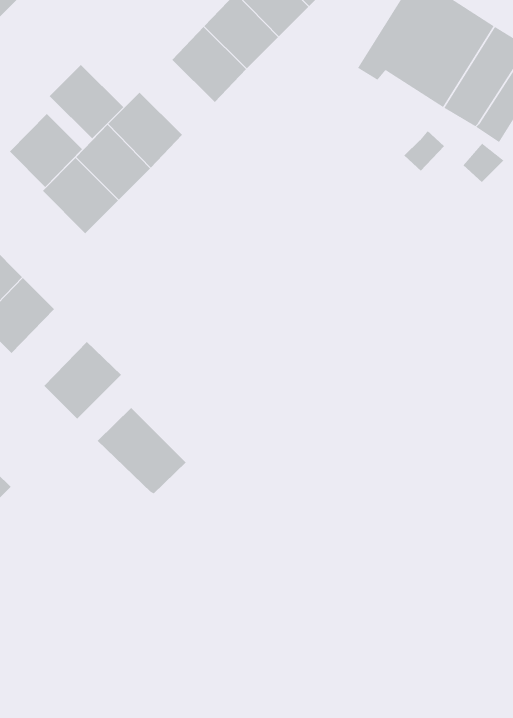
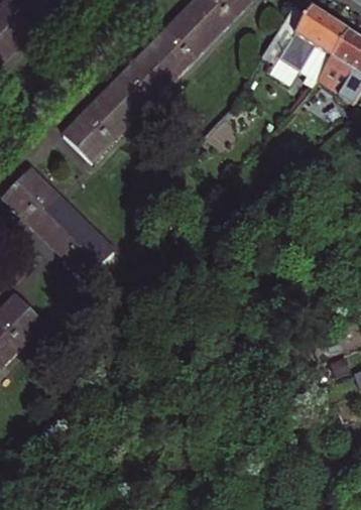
building: [49,64,124,139] -> [125,50,172,98]
building: [9,113,83,188] -> none
building: none -> [44,208,92,256]
building: [97,407,186,494] -> none

